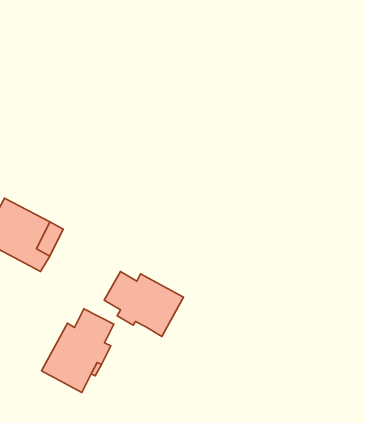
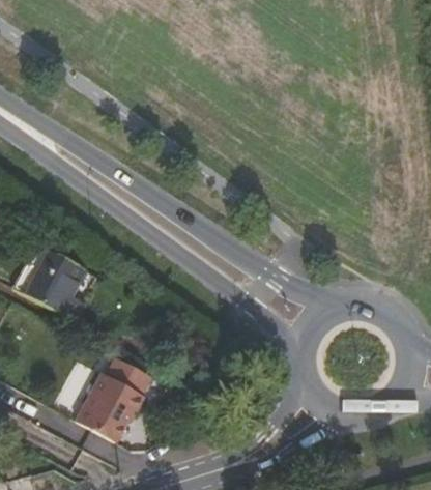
building: [104,272,183,337] -> none

